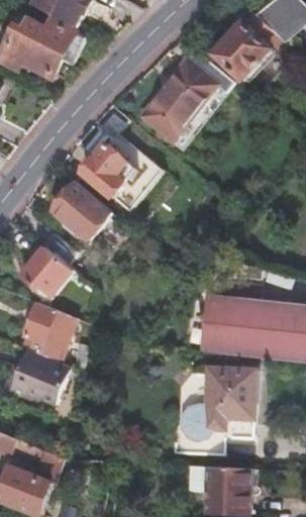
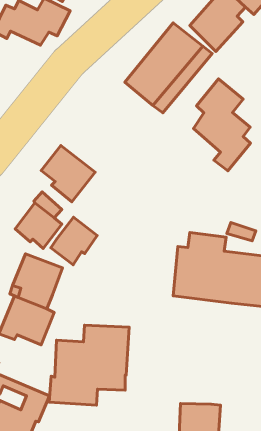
building: none -> [193,79,250,171]
building: [85,122,164,213] -> none
building: none -> [51,217,97,265]
building: [168,367,254,453] -> [49,325,129,405]

